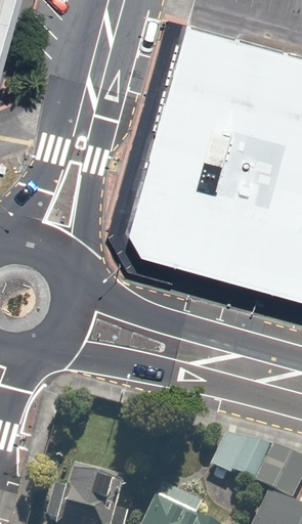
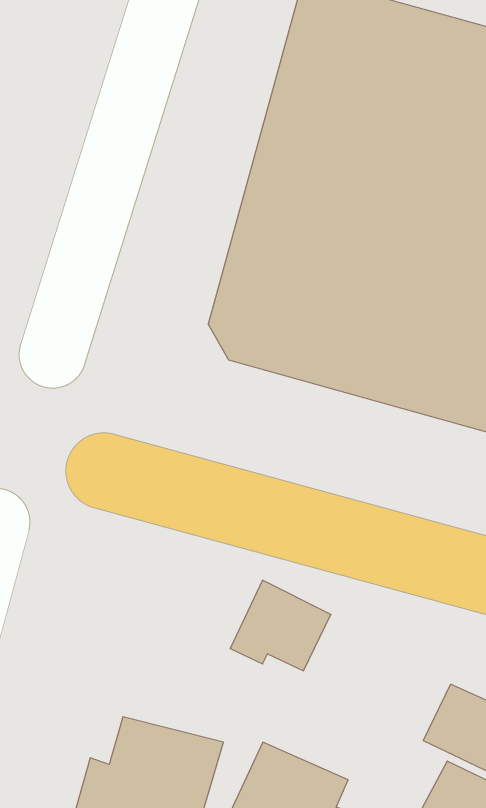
building: [213,427,273,481] -> [230,580,331,671]

